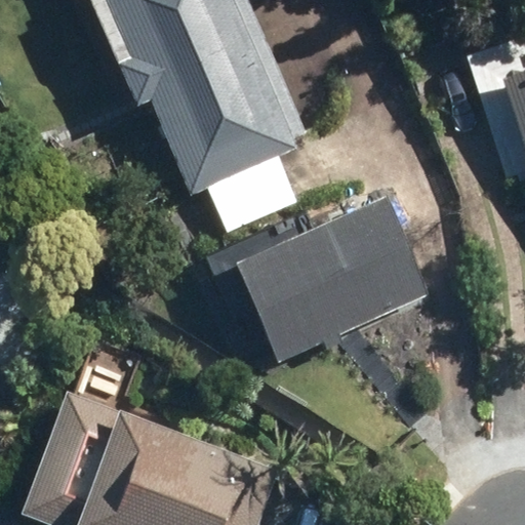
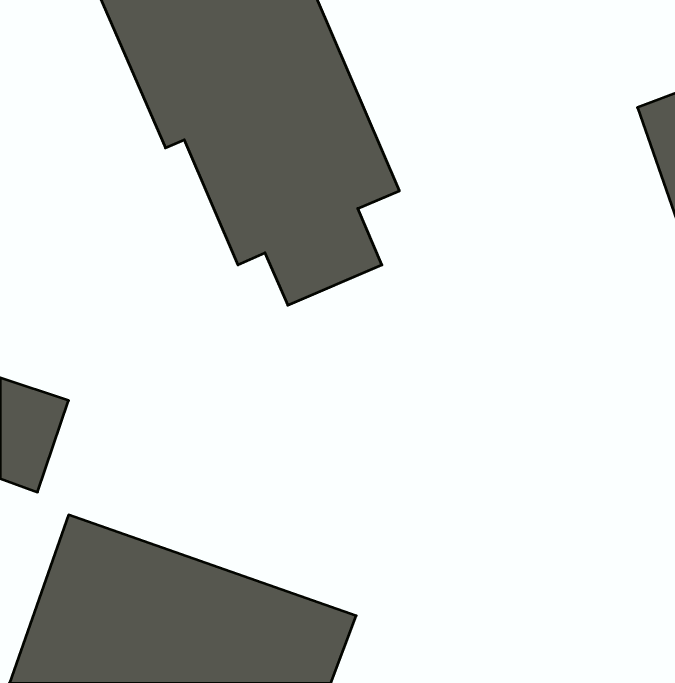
building: [228,196,429,368] -> none

